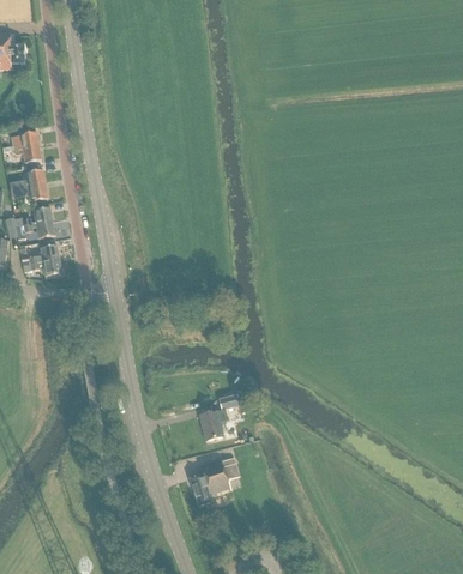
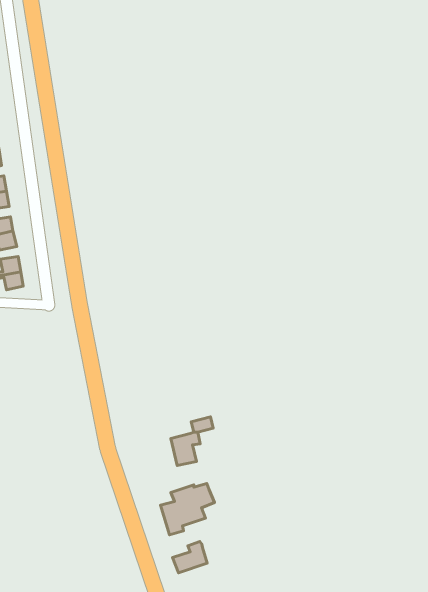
building: none -> [173,542,207,573]

